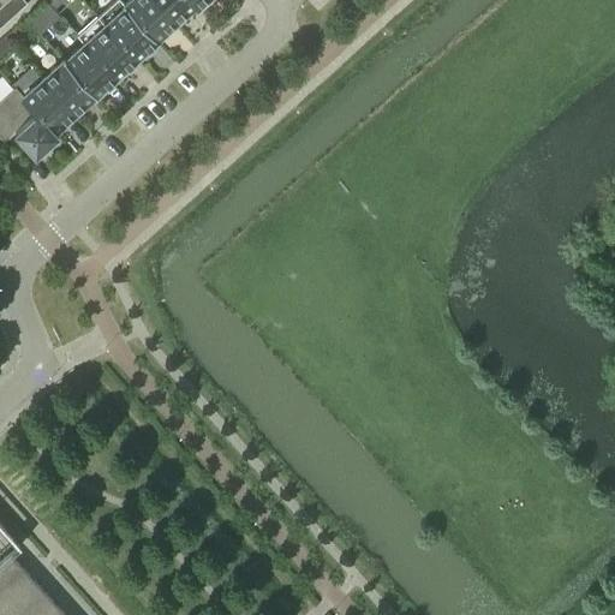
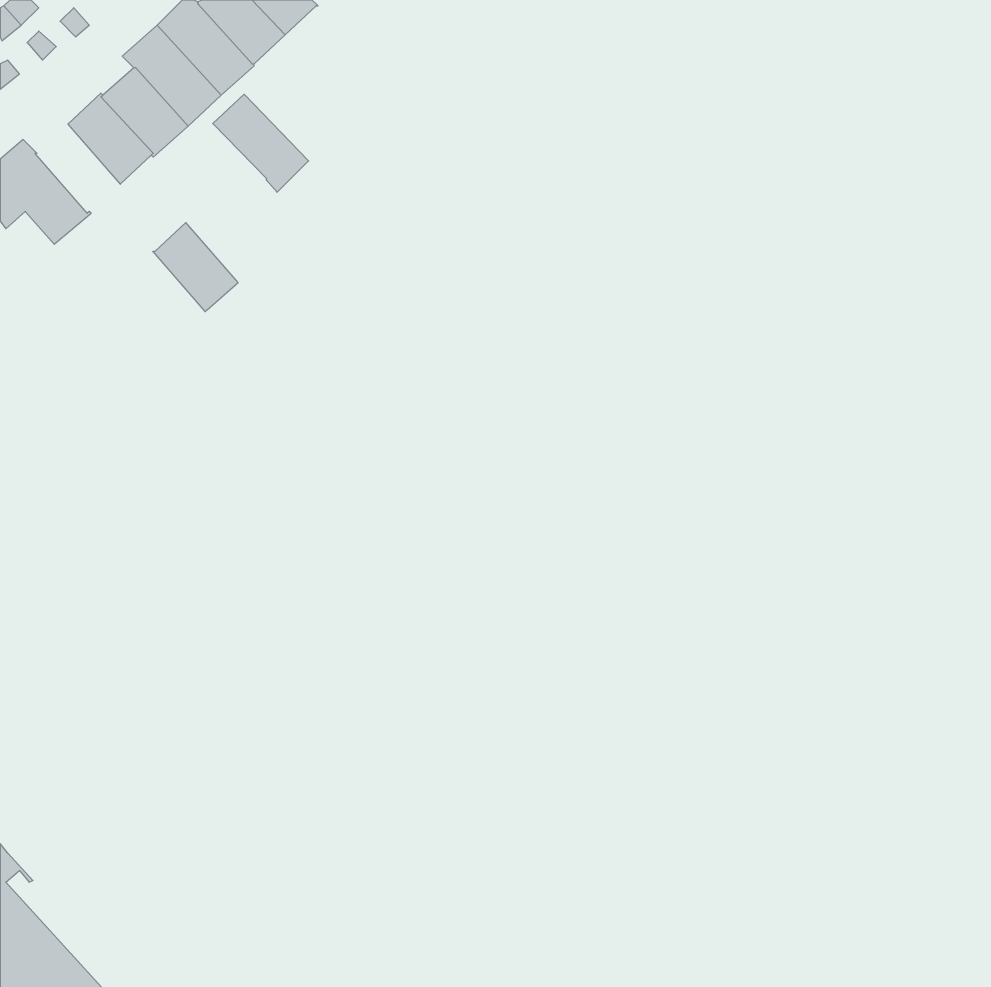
building: none -> [213,94,309,192]
building: [22,79,74,135] -> [153,223,238,312]

